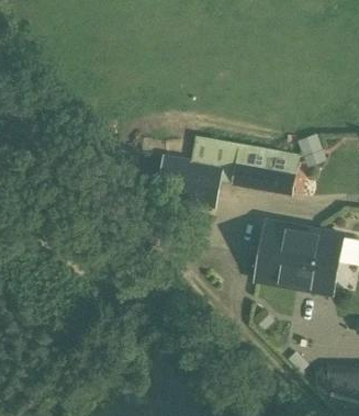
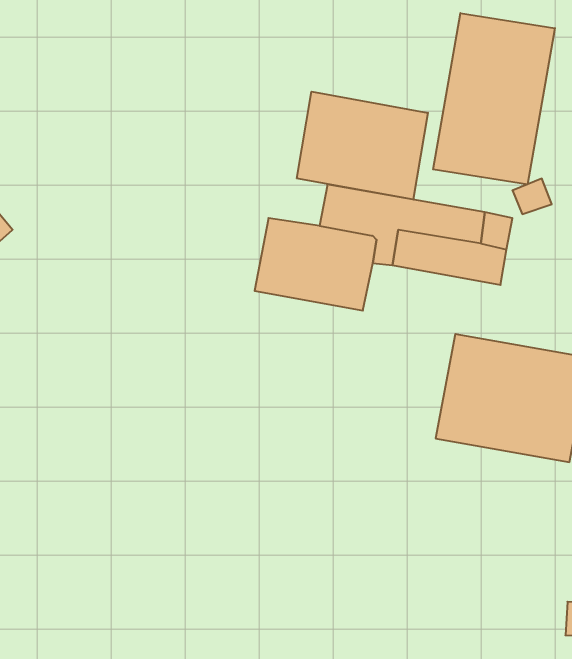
building: none -> [433,13,555,184]
building: none -> [297,92,428,200]

